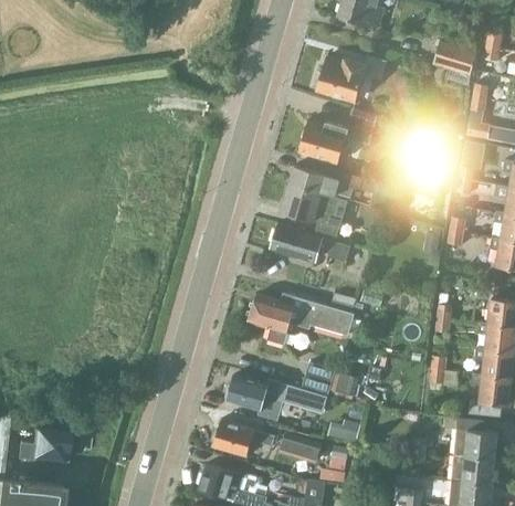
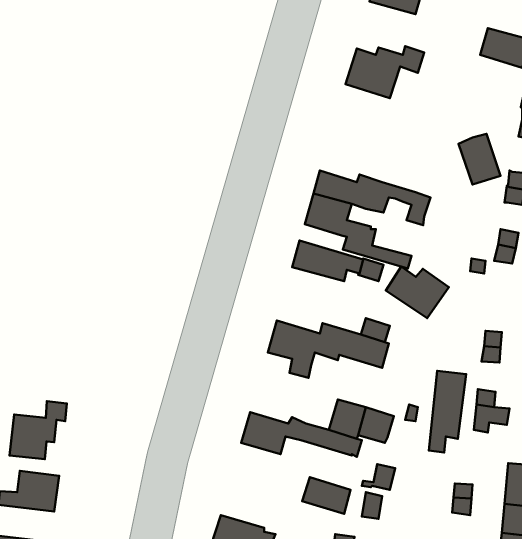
building: [298,108,376,162] -> none
building: none -> [386,267,449,318]
building: none -> [429,371,466,453]
building: none -> [10,401,67,459]
building: [212,421,274,456] -> none

